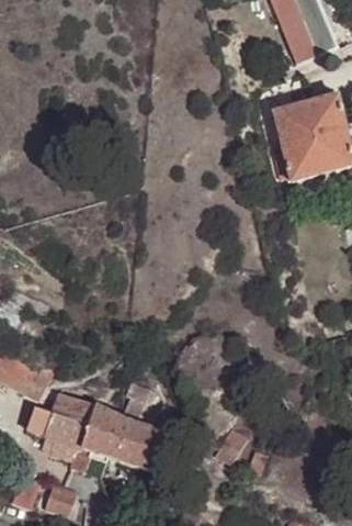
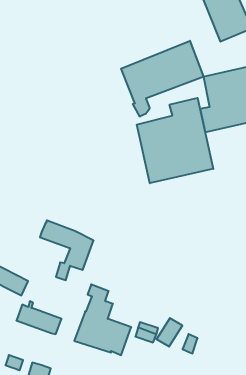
building: none -> [121,41,204,117]
building: none -> [137,98,213,183]
building: [49,391,120,469] -> [40,220,94,280]

